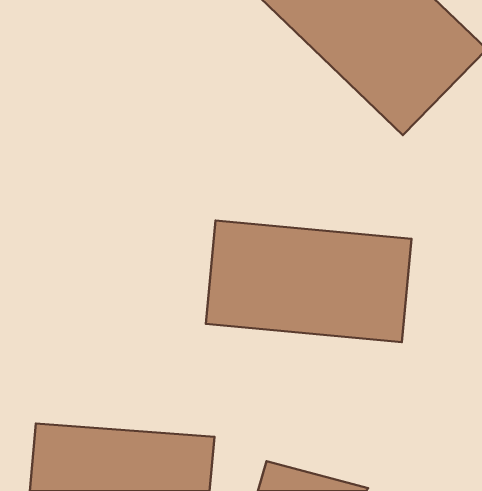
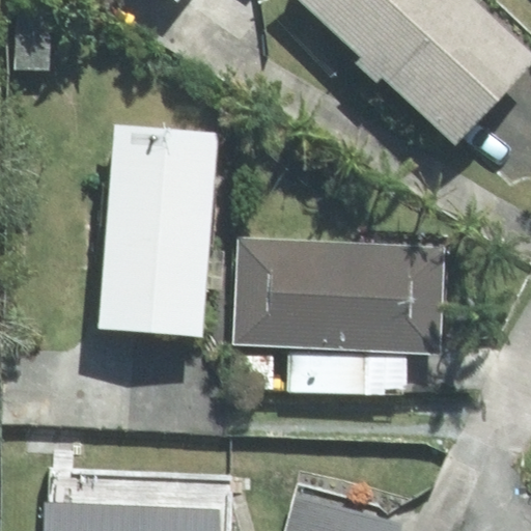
building: none -> [96,130,218,351]

